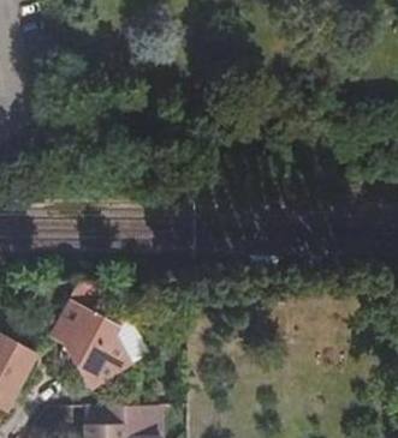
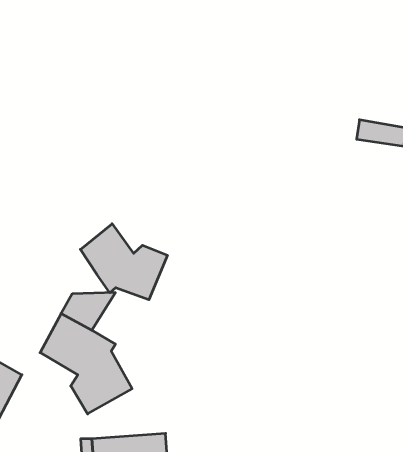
building: none -> [80,224,167,300]

